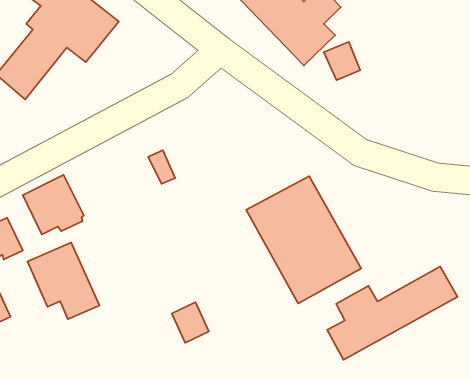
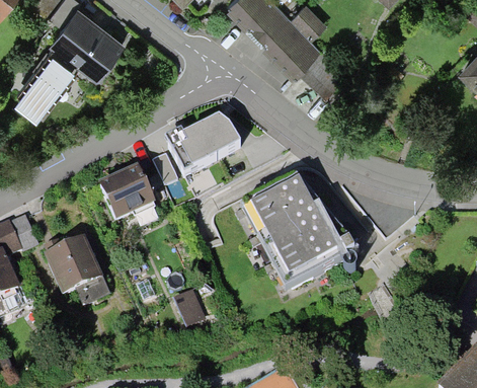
building: none -> [167,120,242,177]
building: [23,175,84,235] -> [101,167,156,221]
building: [327,267,458,360] -> none

